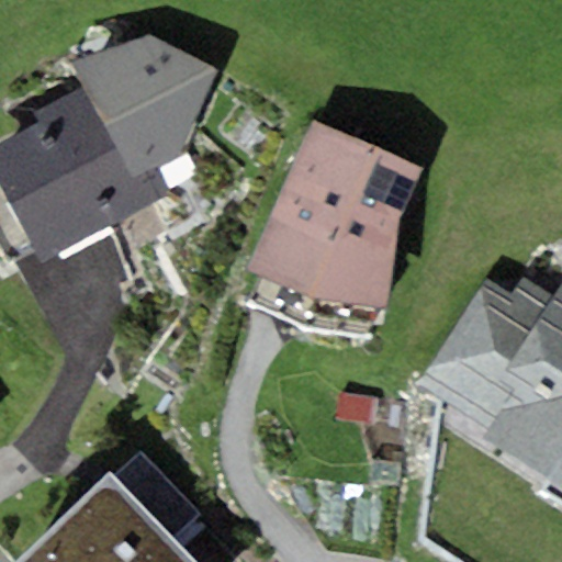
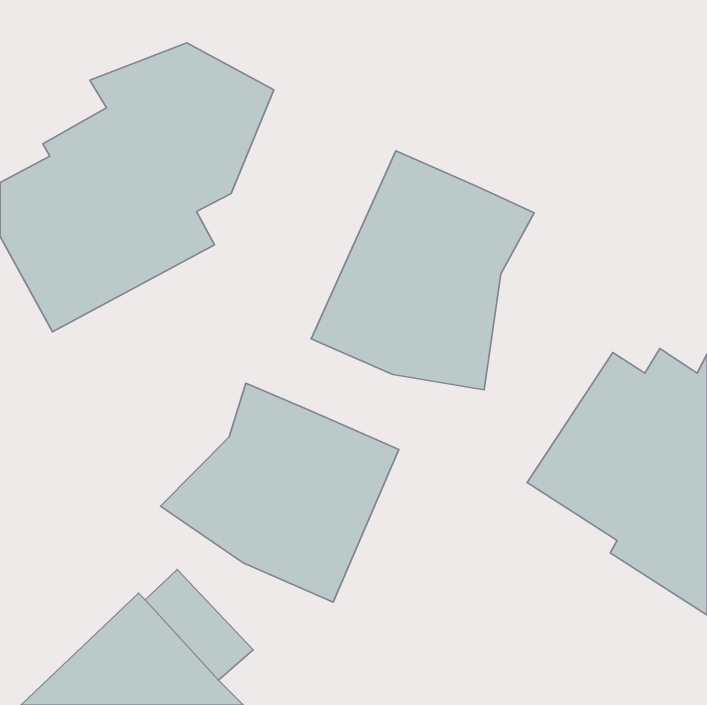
building: none -> [160,383,399,602]

